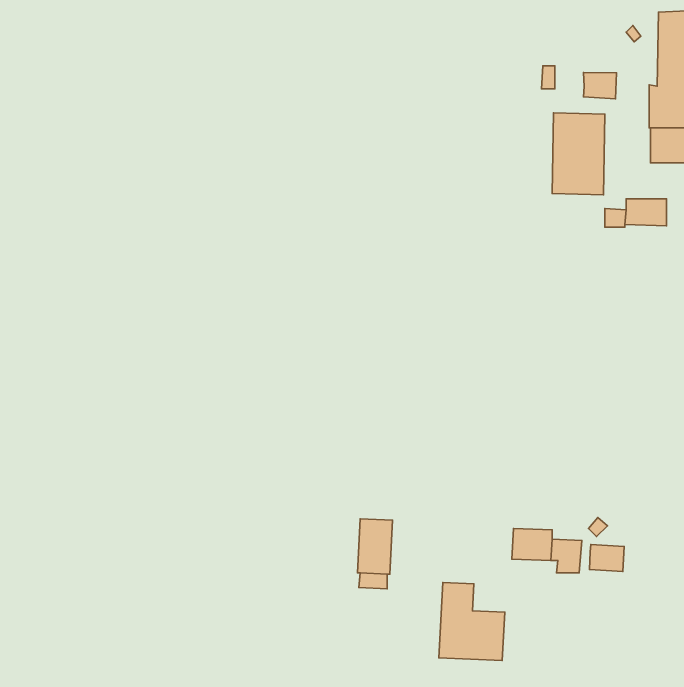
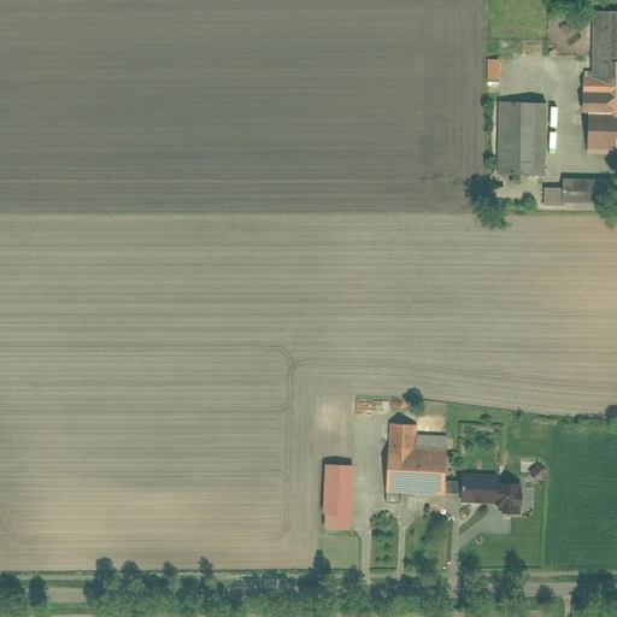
building: [584,72,617,99] -> none
building: [589,544,624,571] -> none
building: [439,583,505,661] -> [388,424,447,494]

